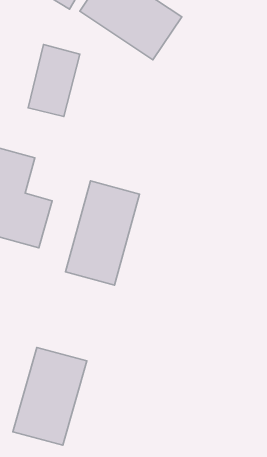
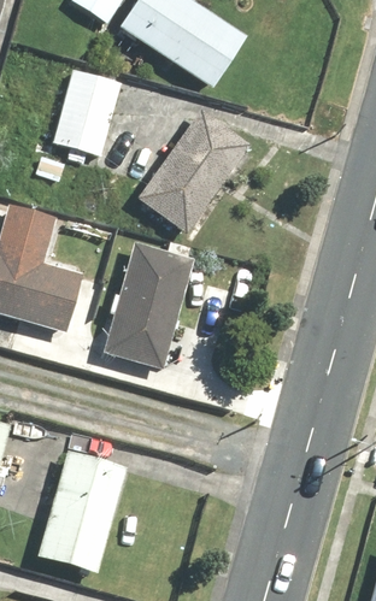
building: none -> [135,108,252,234]

